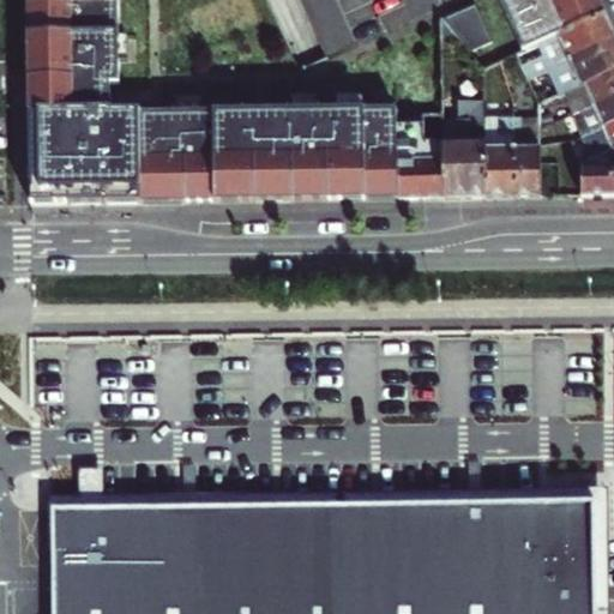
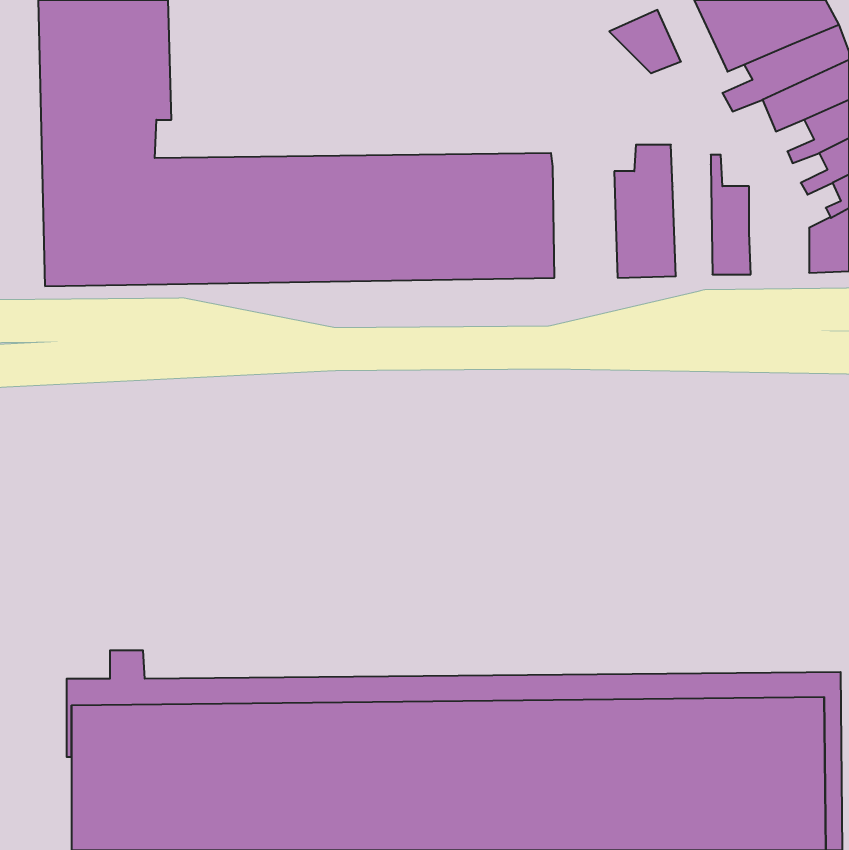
building: [398,119,445,200] -> none
building: [484,119,513,199] -> none

